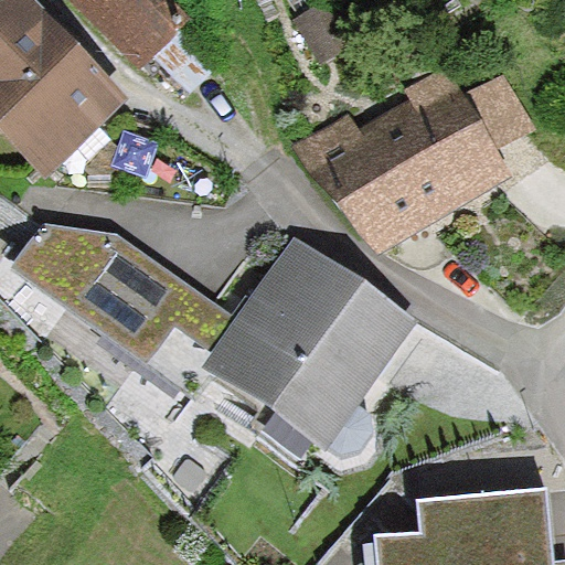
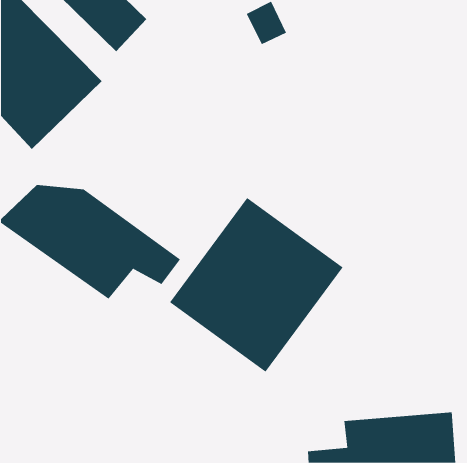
building: [306,66,533,258] -> none

